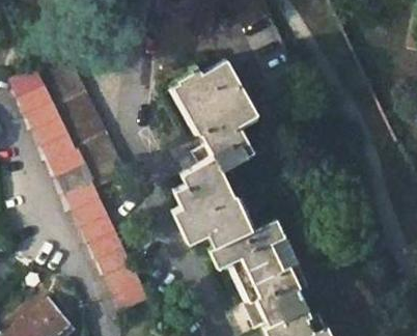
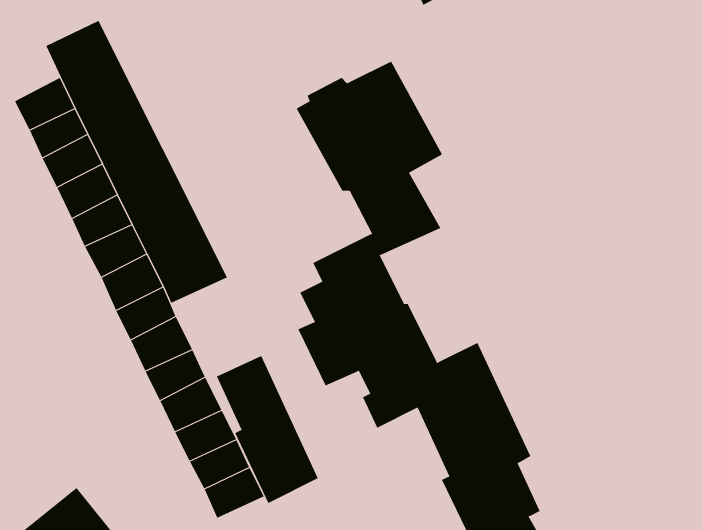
building: none -> [216,355,318,504]

